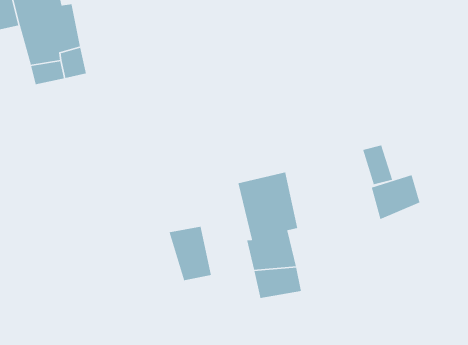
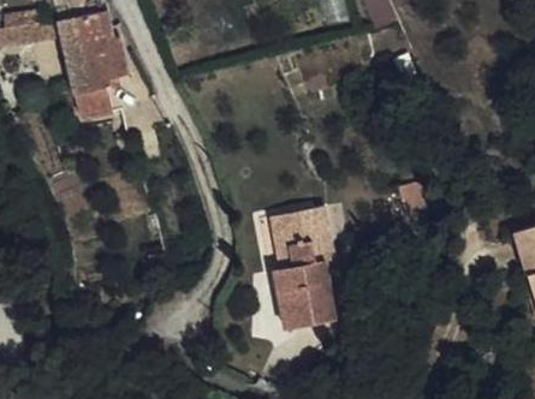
building: [371,174,420,220] -> none
building: [168,226,212,281] -> none

